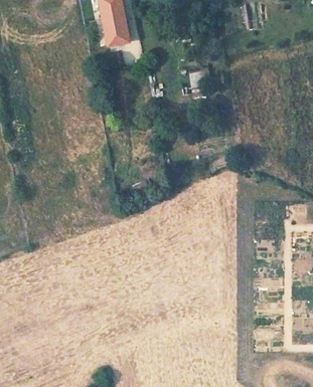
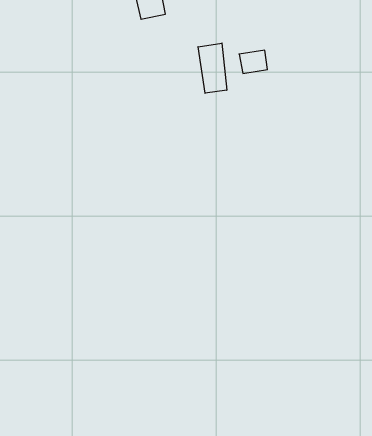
building: none -> [198,43,227,93]

